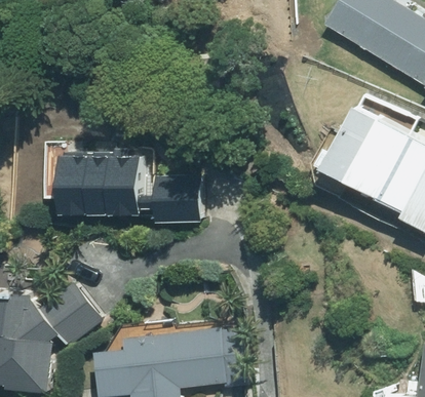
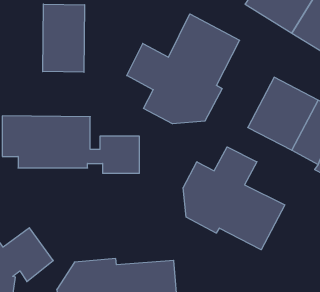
building: none -> [43,4,85,72]
building: none -> [127,14,240,124]
building: none -> [183,147,285,250]

